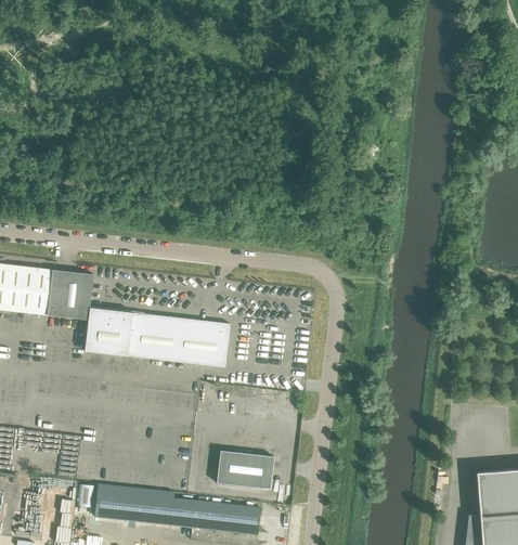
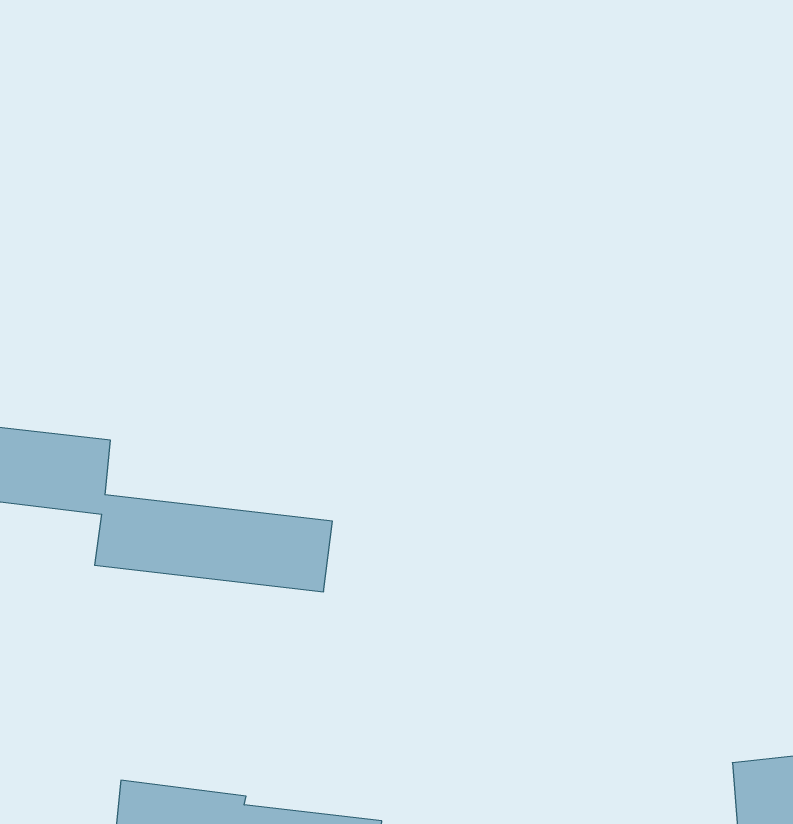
building: [216,450,274,488] -> none

